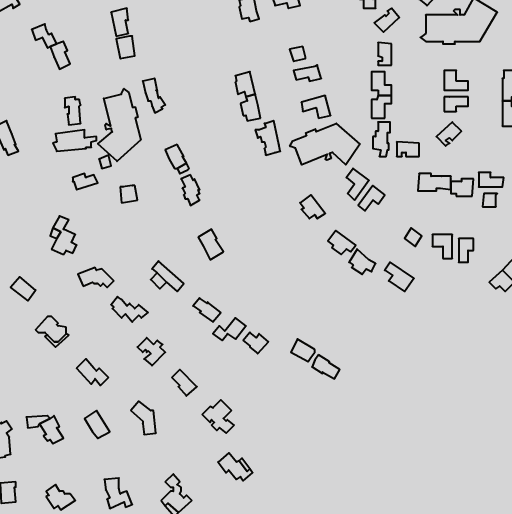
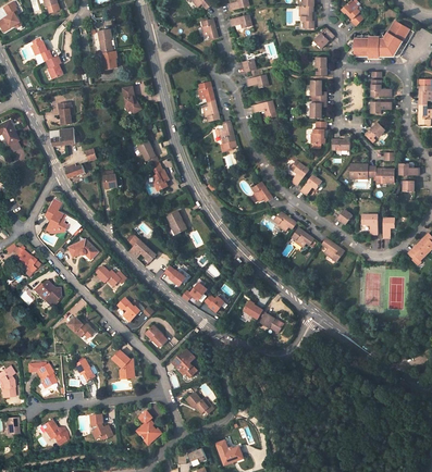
building: [98,89,141,161] -> none
building: [290,123,360,165] -> none

